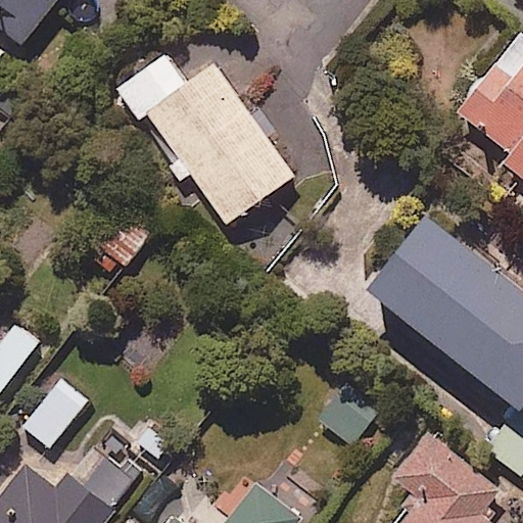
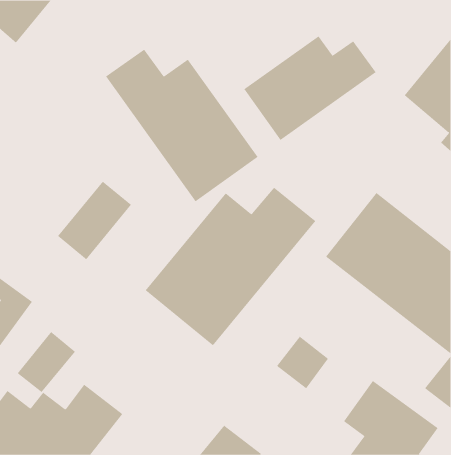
building: none -> [243,35,376,141]
building: none -> [145,187,316,346]

